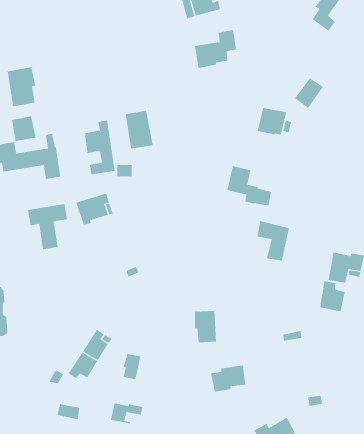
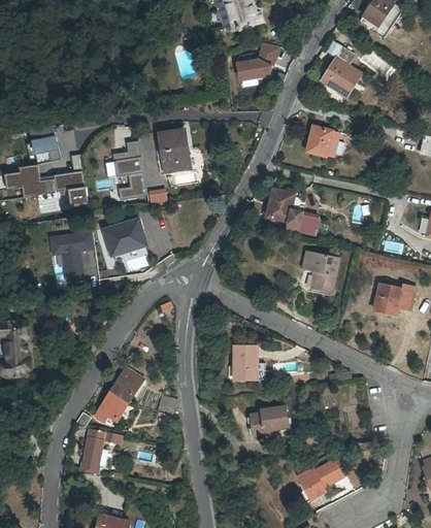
building: [7,67,36,107] -> none
building: [294,77,324,109] -> [321,57,353,91]
building: [320,281,345,312] -> none
building: [110,403,143,424] -> [86,429,122,452]

